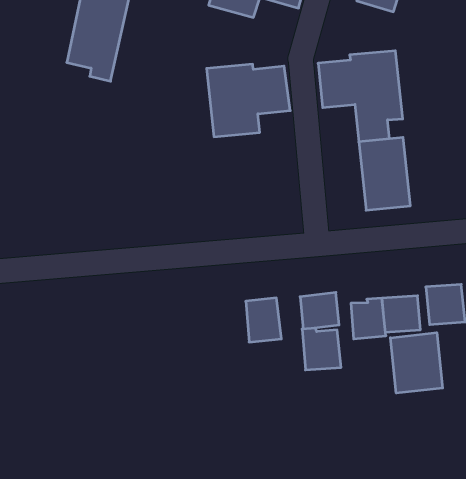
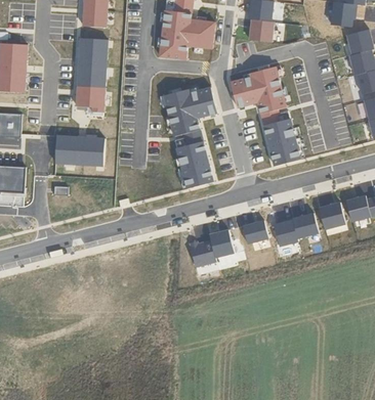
building: none -> [54,136,103,168]
building: none -> [174,129,214,189]
building: [302,328,341,370] -> [189,239,216,267]
building: [390,333,443,393] -> none

